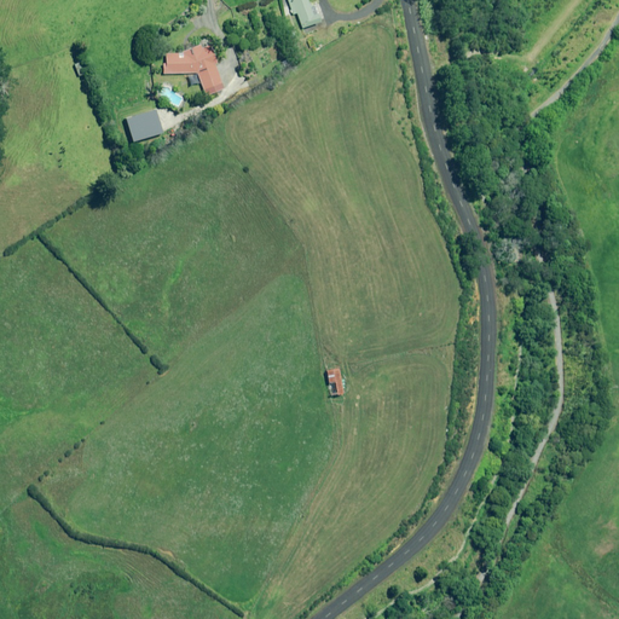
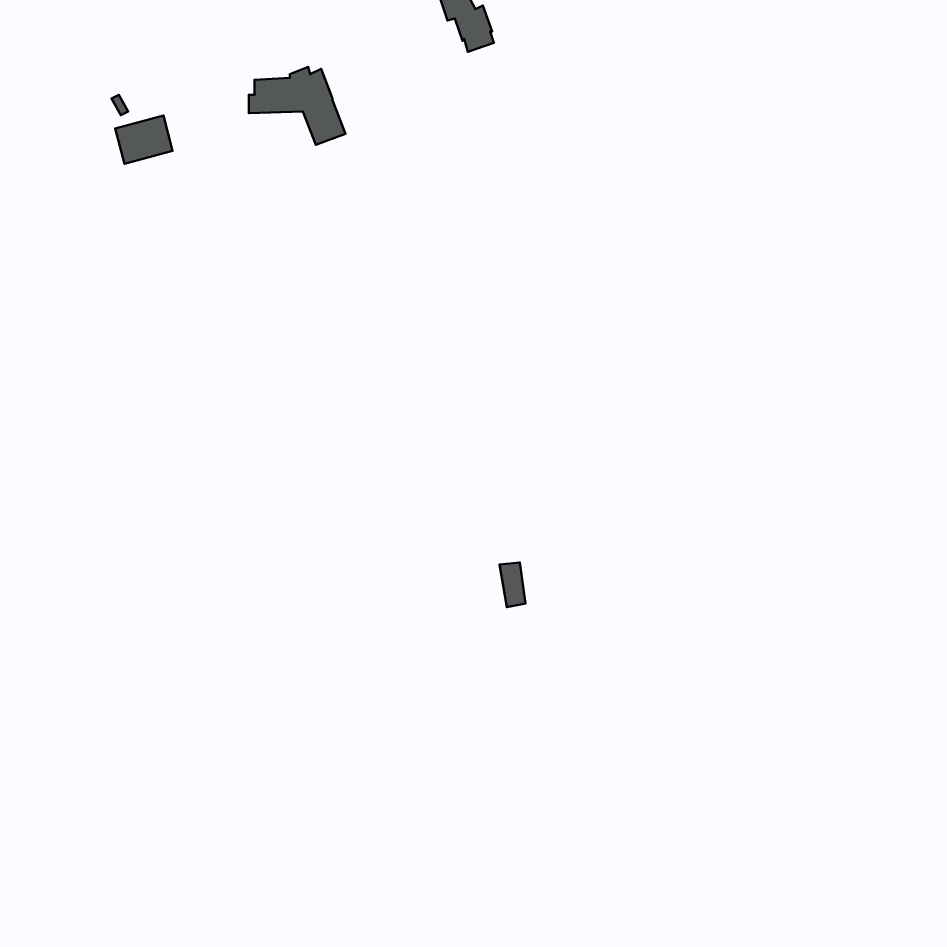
building: [126,109,163,140] -> [115,115,173,164]

